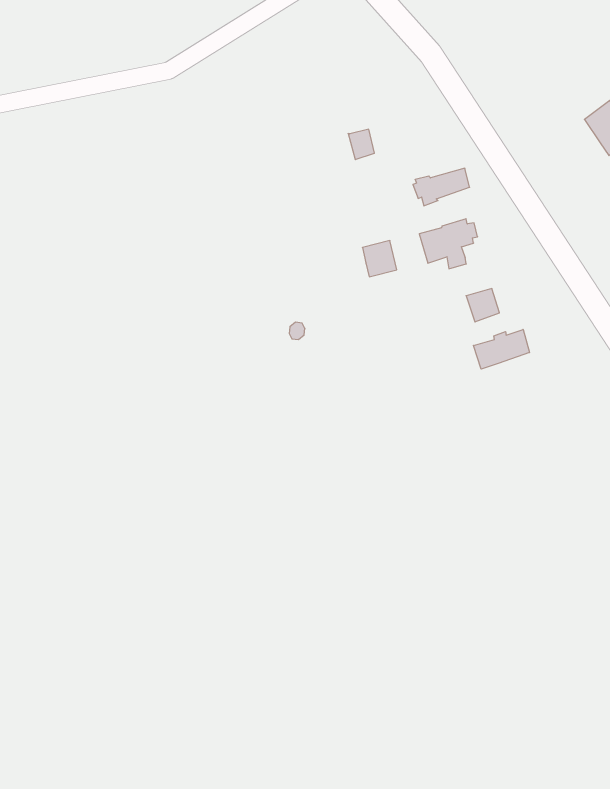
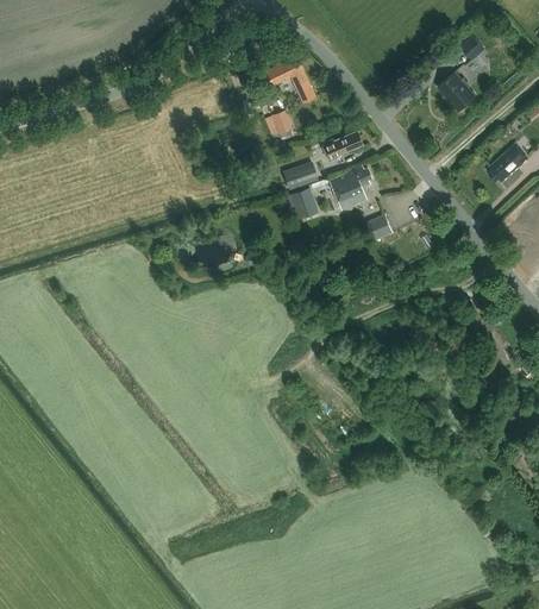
building: none -> [262,57,311,93]
building: none -> [283,162,316,189]
building: [473,329,529,369] -> none

